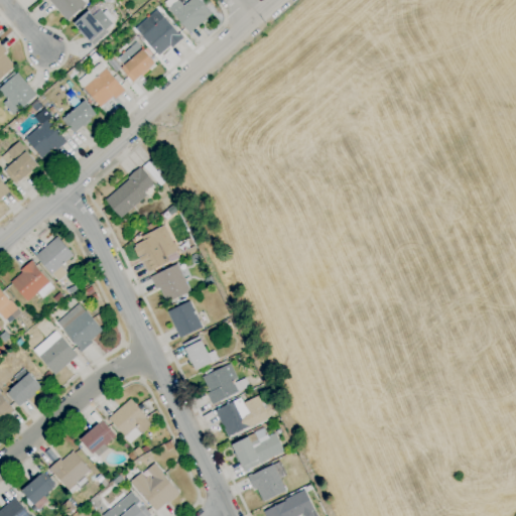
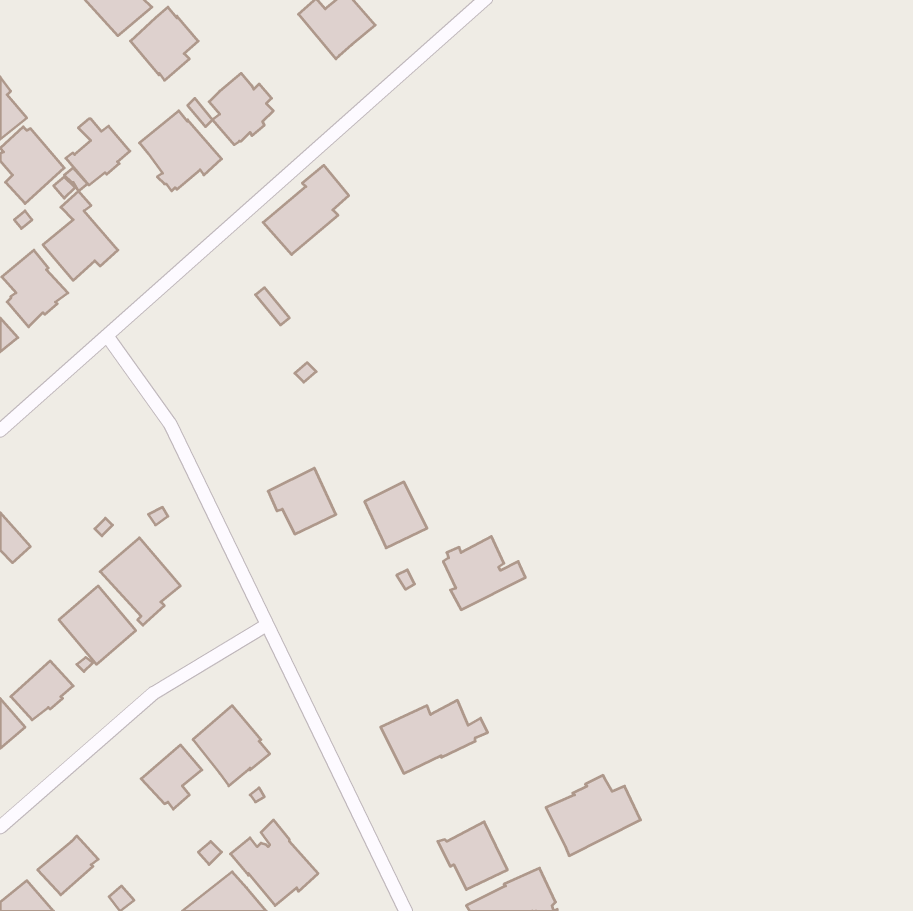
building: [135,9,183,55] -> none
building: [60,96,97,133] -> [66,119,130,185]
building: [105,167,153,218] -> [263,165,349,255]
building: [133,225,177,272] -> none
building: [35,237,74,274] -> none
building: [10,260,54,301] -> none
building: [167,300,203,338] -> [365,482,427,548]
building: [182,336,219,371] -> none
building: [203,363,249,404] -> [443,536,525,610]
building: [231,426,284,472] -> [546,775,641,856]
building: [48,450,90,494] -> none

